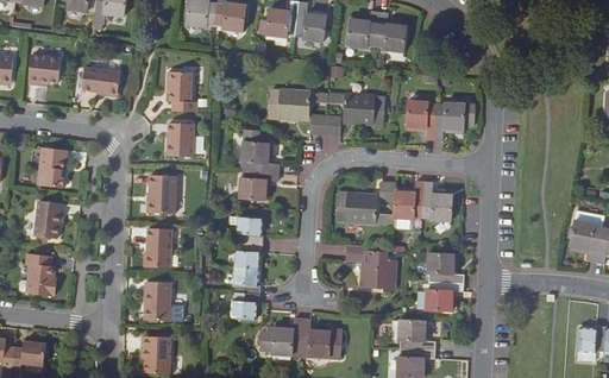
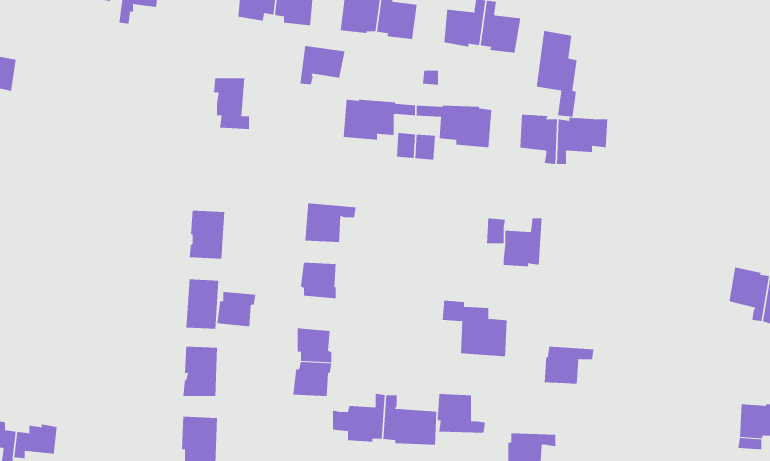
building: none -> [536,30,577,118]
building: none -> [300,45,345,85]
building: [29,55,62,84] -> none
building: [82,67,121,94] -> none
building: [168,122,194,156] -> none
building: [241,140,280,172] -> none
building: [38,146,68,188] -> none
building: [422,181,453,221] -> none
building: [337,191,385,223] -> none
building: [34,200,62,238] -> none
building: [233,241,264,269] -> [217,292,256,327]
building: [17,252,56,295] -> none
building: [427,252,465,283] -> none
building: [398,319,437,349] -> [437,394,486,433]

